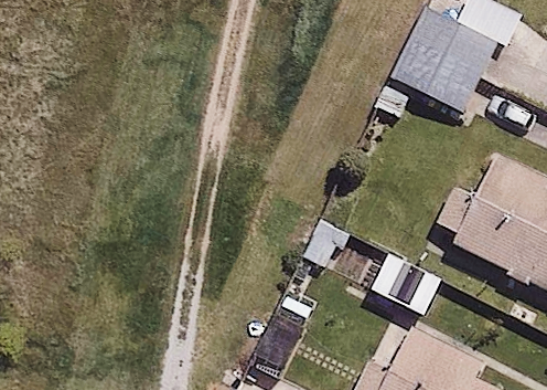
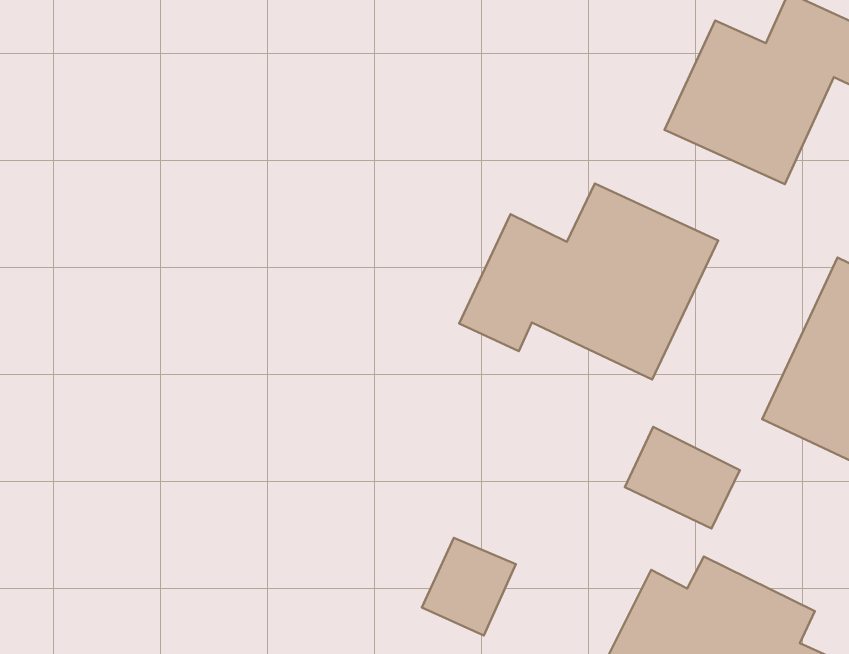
building: none -> [459,183,718,379]

